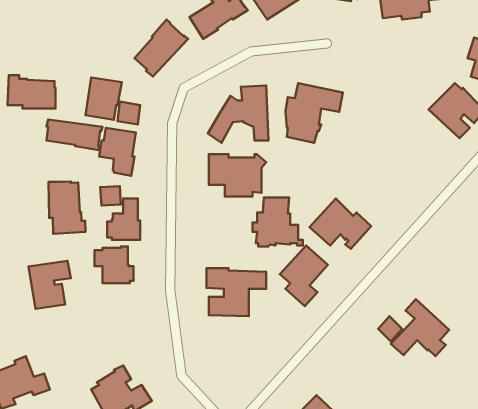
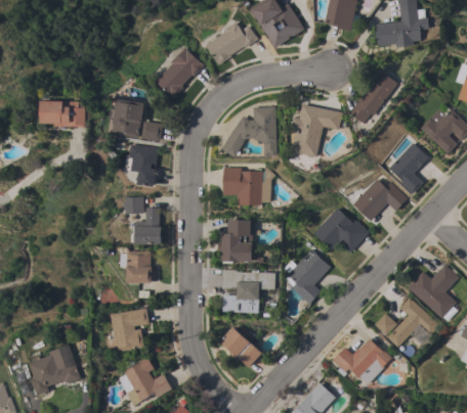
building: none -> [350,71,398,124]
building: [46,120,102,150] -> none
building: none -> [388,142,428,194]
building: none -> [352,179,407,221]
building: [48,182,85,234] -> none
building: [253,198,303,247] -> [218,220,263,264]
building: none -> [408,263,458,321]
building: [29,261,71,309] -> [112,309,150,352]
building: none -> [219,327,262,367]
building: none -> [333,332,391,384]

